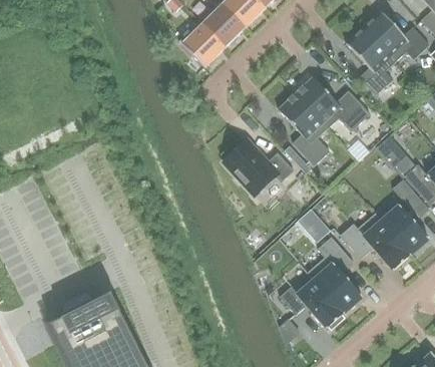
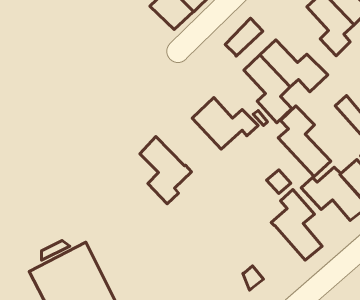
building: none -> [225,18,263,56]
building: none -> [278,106,331,177]
building: none -> [140,137,191,204]
building: [280,275,344,329] -> none

